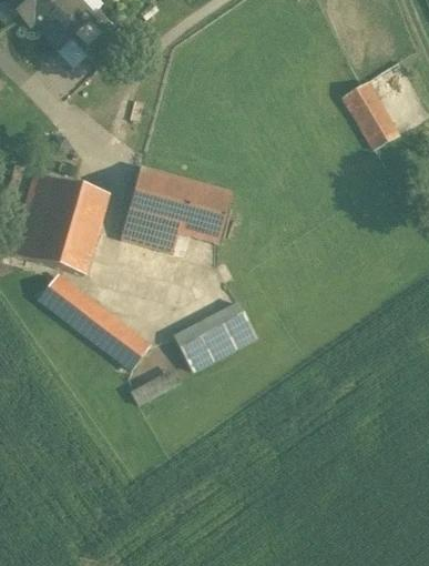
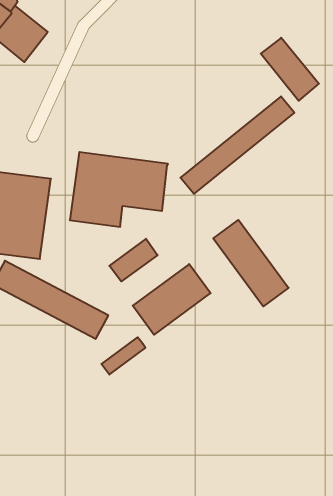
building: none -> [180,96,294,194]
building: none -> [213,220,289,306]
building: none -> [109,239,158,281]

